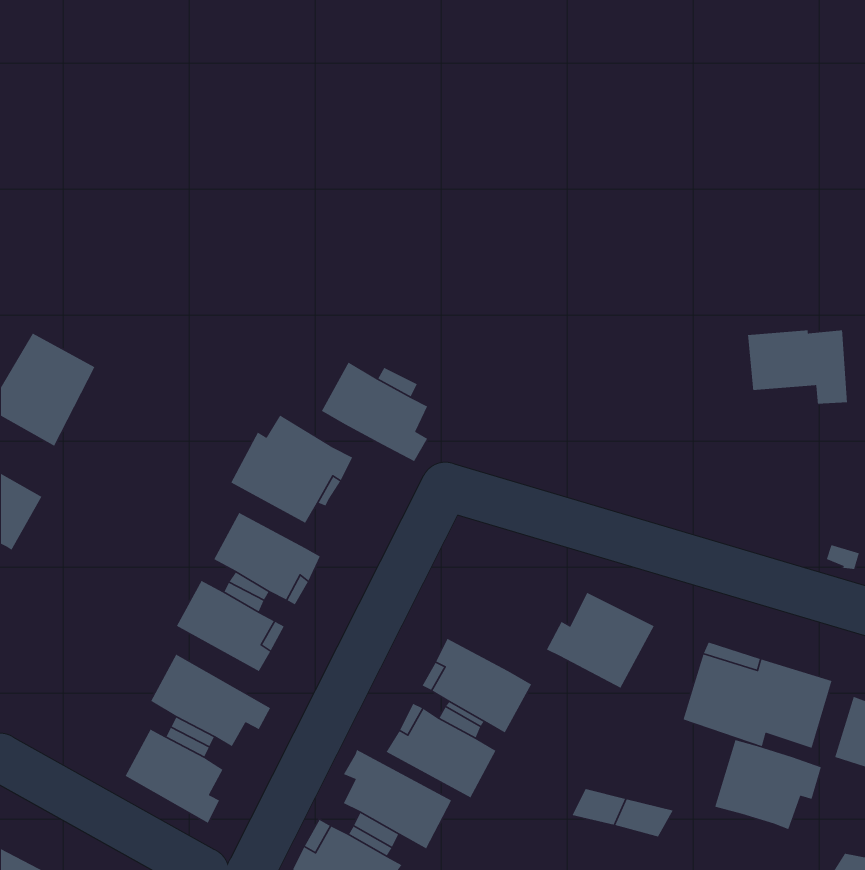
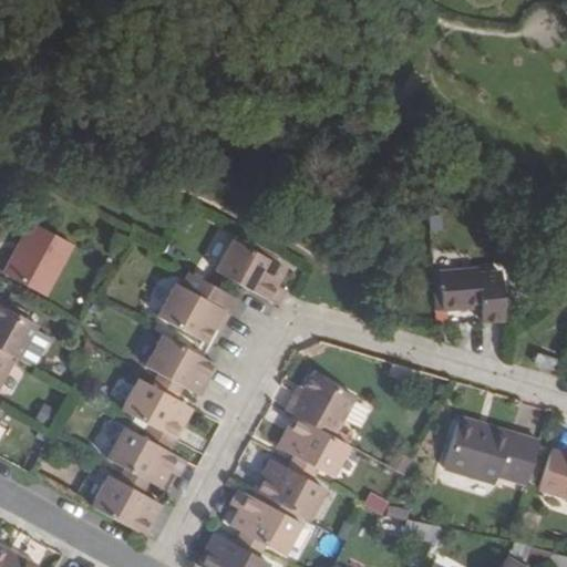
building: [747,330,848,405] -> [443,268,508,317]
building: [546,592,655,689] -> [286,373,357,436]
building: [714,739,822,830] -> none

